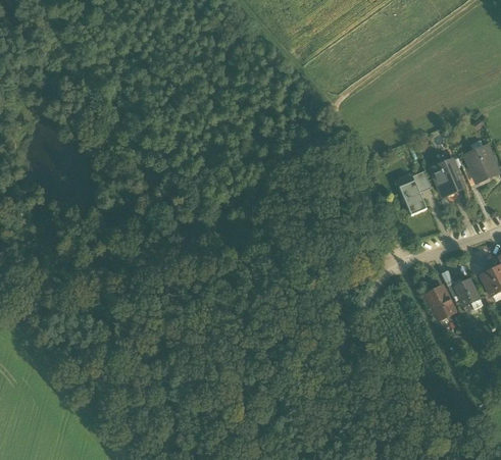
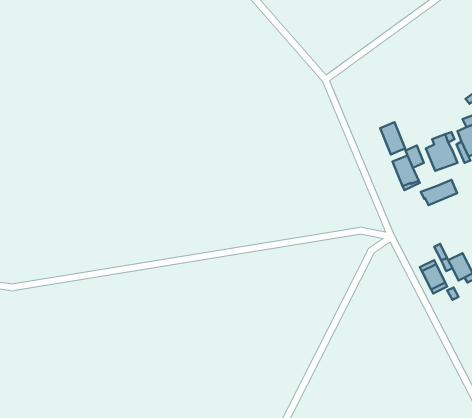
building: none -> [380,122,405,154]
building: none -> [421,180,457,205]

